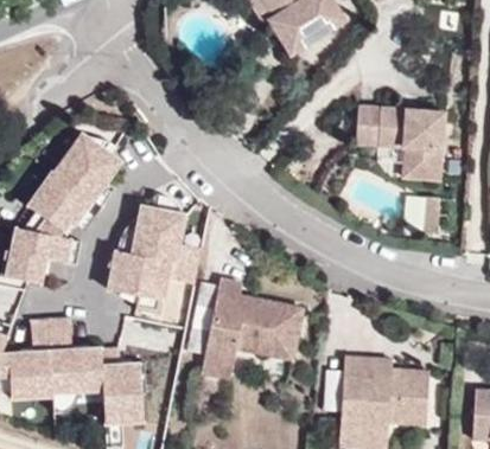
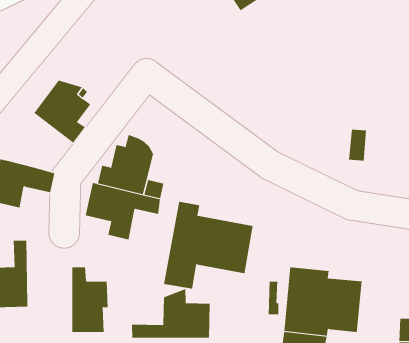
building: [354,102,446,178] -> none
building: [18,173,97,238] -> none
building: [44,320,95,395] -> none
building: none -> [132,288,210,338]

